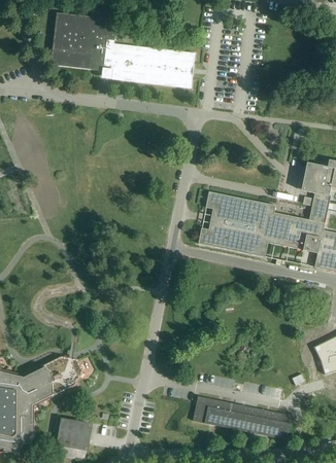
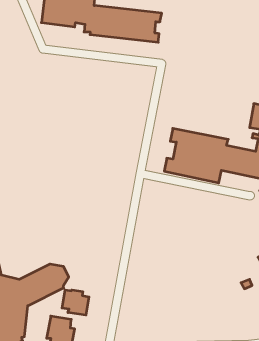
building: none -> [62,290,89,315]
building: [193,395,293,439] -> none

